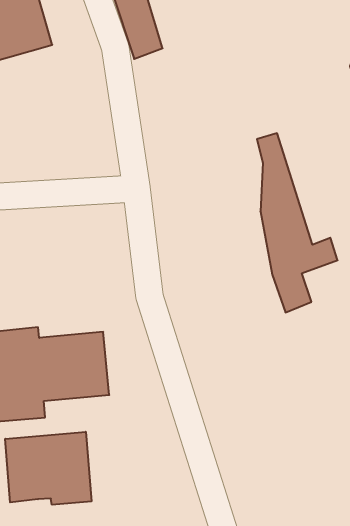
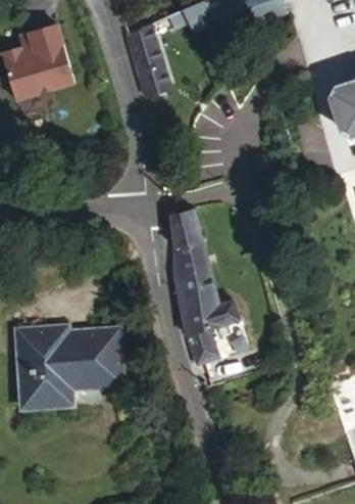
building: [257,133,338,312] -> [170,208,240,362]
building: [5,432,91,505] -> none

